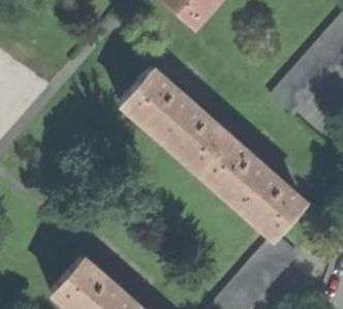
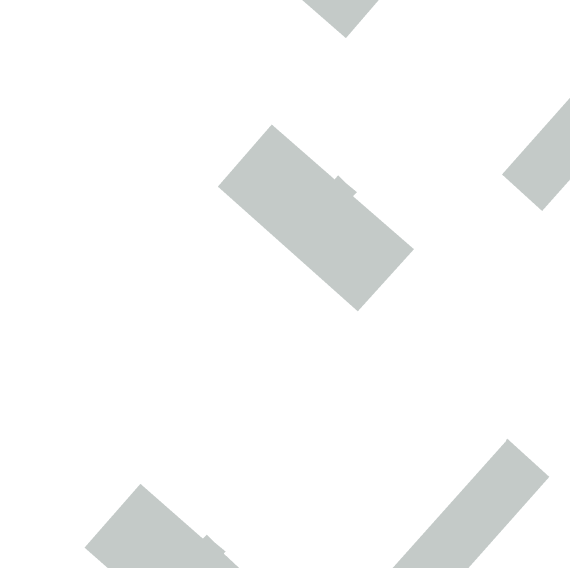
building: [195,134,302,236] -> none

